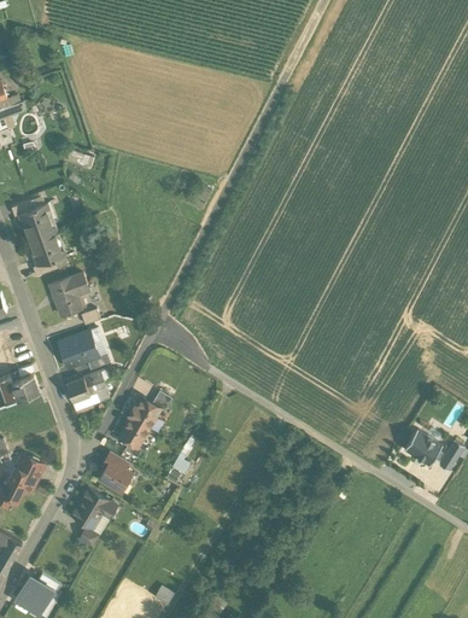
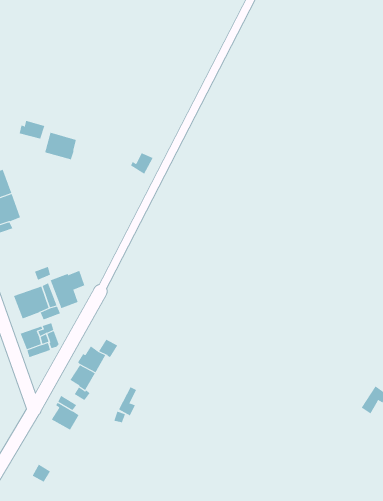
building: none -> [45,132,77,160]
building: [48,273,87,315] -> [50,270,85,309]
building: [403,428,440,465] -> none
building: [70,488,115,526] -> none

